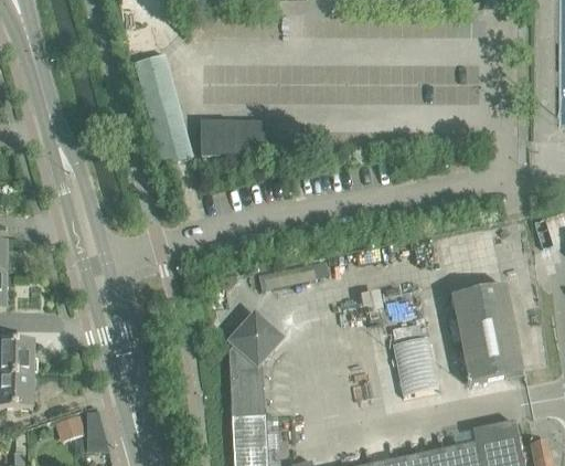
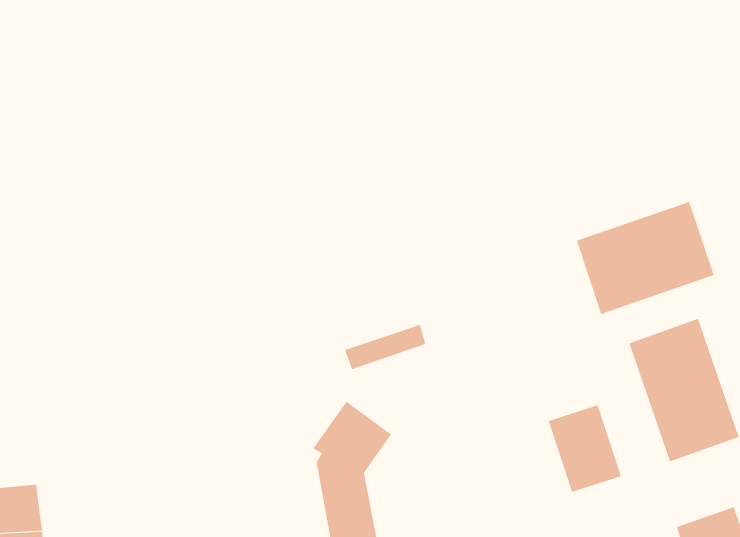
building: [134,52,192,163] -> none
building: [200,119,266,152] -> none
building: none -> [576,201,714,315]

